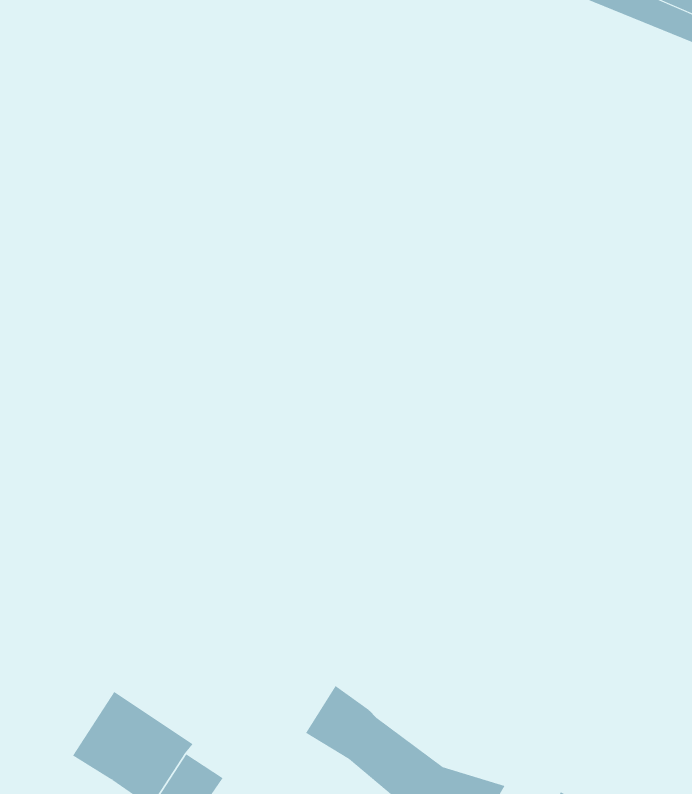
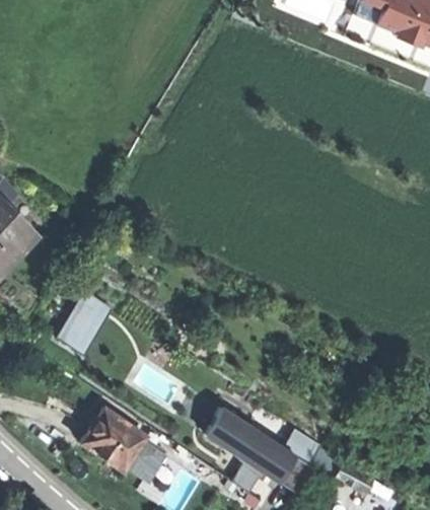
building: none -> [61,288,112,351]

